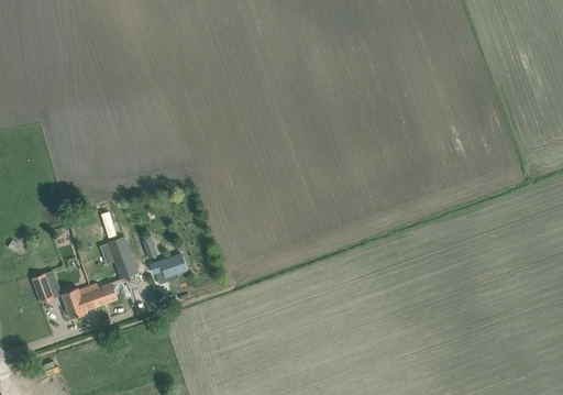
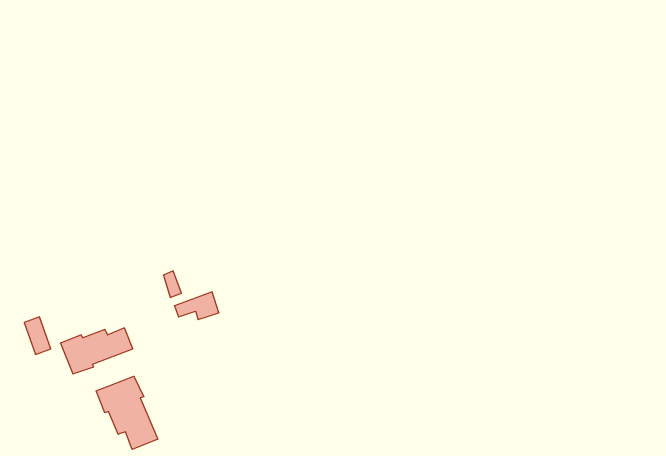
building: [107,235,137,279] -> none
building: none -> [96,376,158,449]

